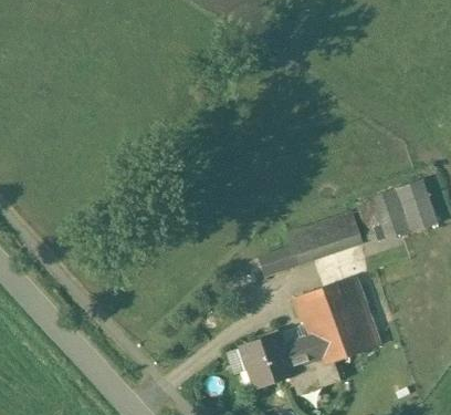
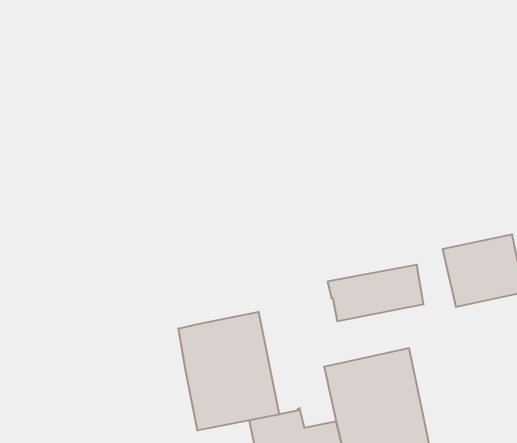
building: [259,246,298,274] -> none
building: none -> [178,312,279,431]

